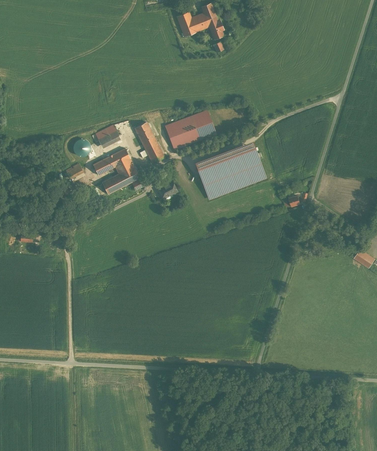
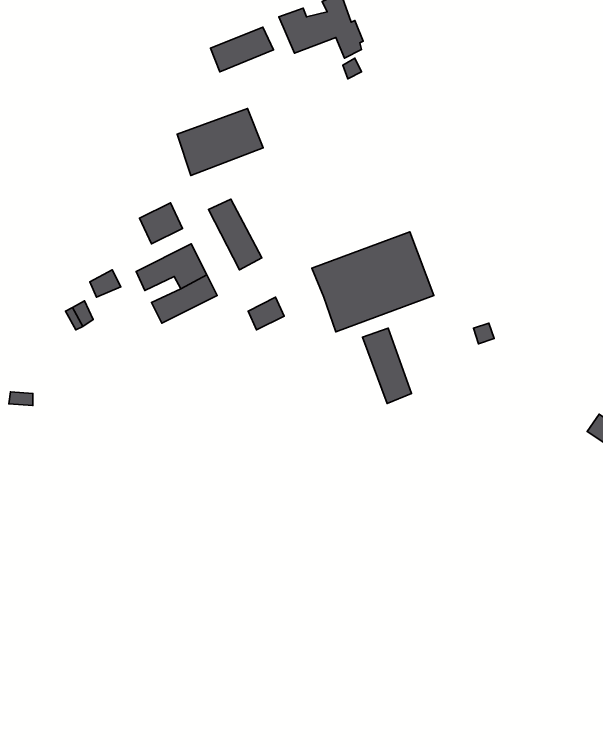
building: none -> [211,27,273,72]
building: [166,110,216,149] -> [177,108,263,175]
building: none -> [363,328,411,404]

